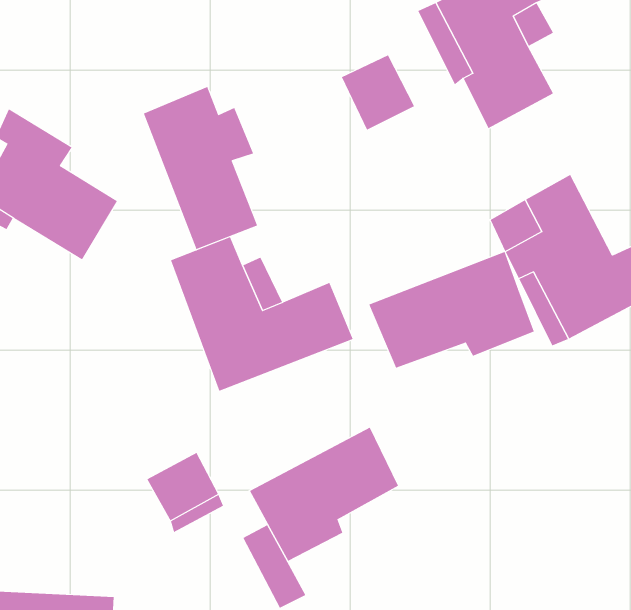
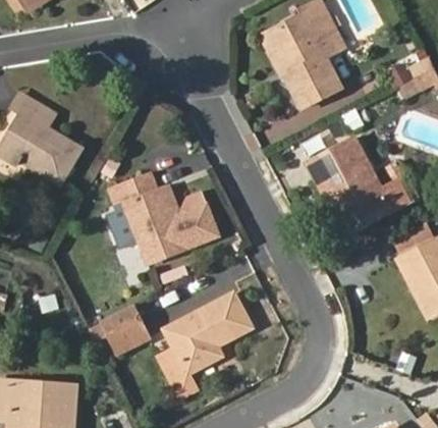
building: [341,54,415,131] -> none
building: [143,86,258,250] -> none
building: [369,251,534,368] -> none

